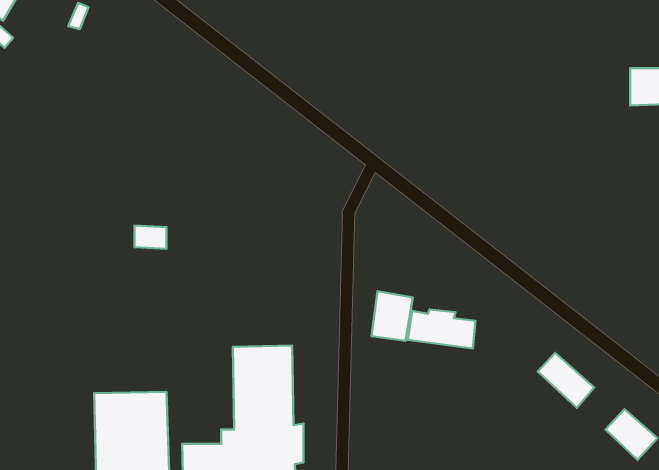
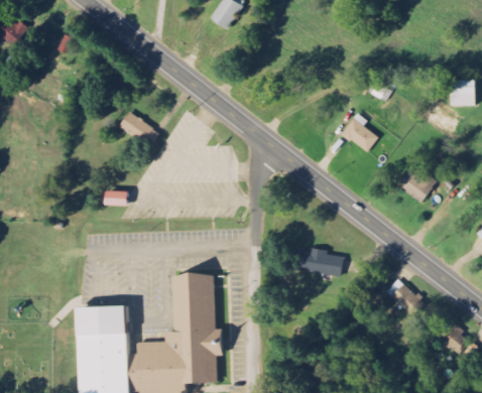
building: none -> [118,112,153,143]
building: none -> [341,113,377,152]
building: none -> [395,168,436,202]
building: [372,291,413,341] -> none

